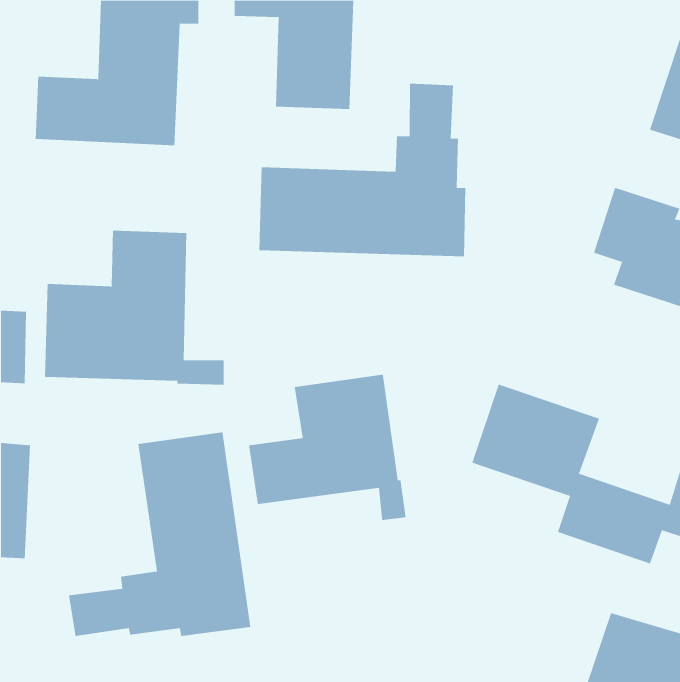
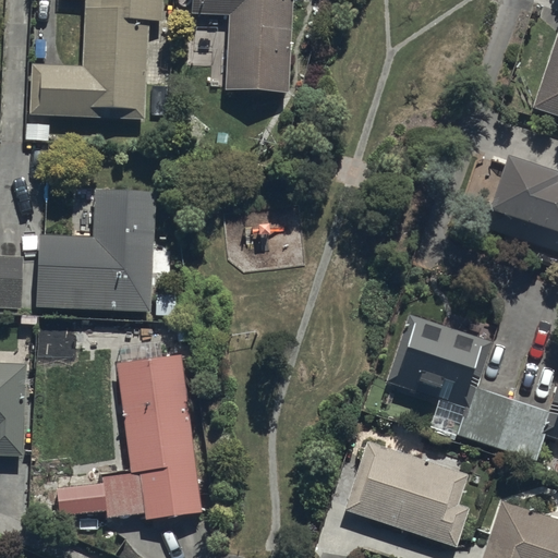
building: [259,83,466,257] -> none
building: [249,374,406,521] -> none
building: none -> [344,441,469,546]

